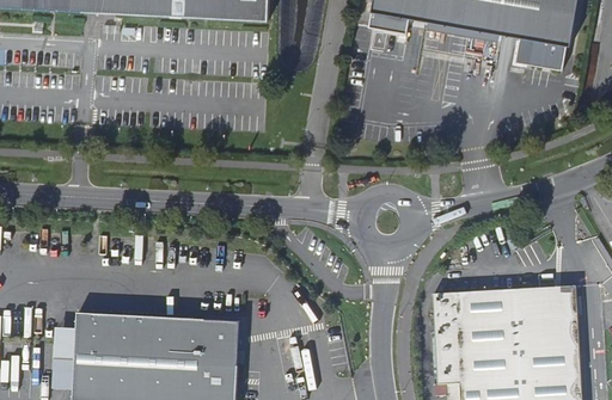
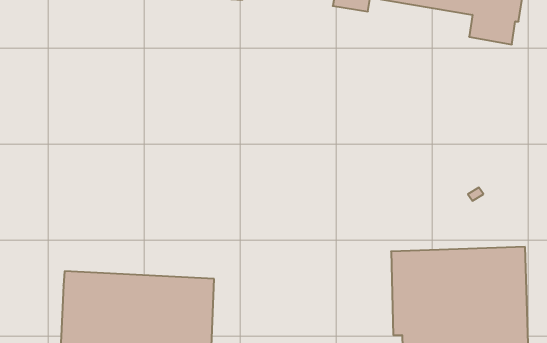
building: [53,328,75,384] -> none

